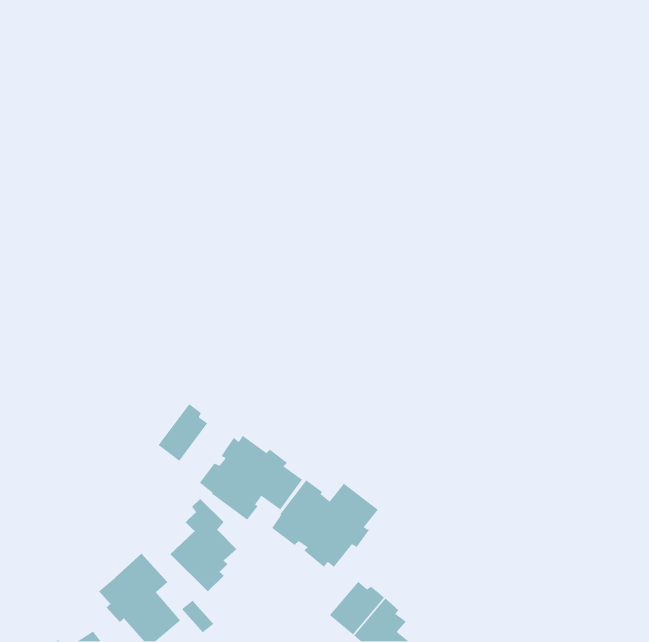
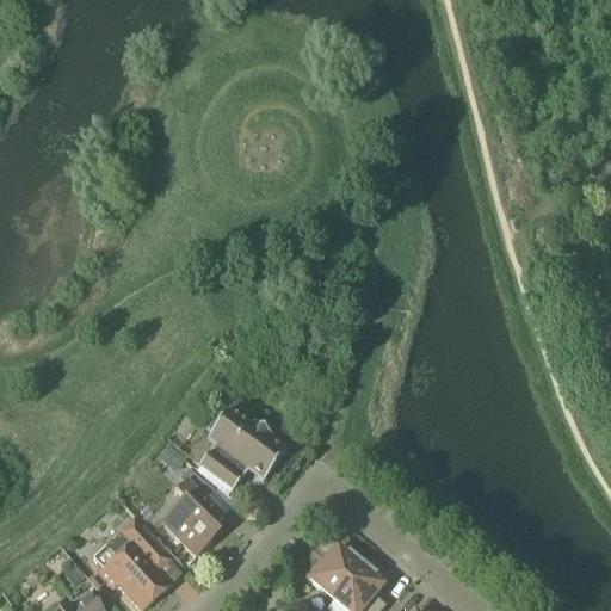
building: [157,403,208,462] -> none
building: [271,478,379,569] -> none

